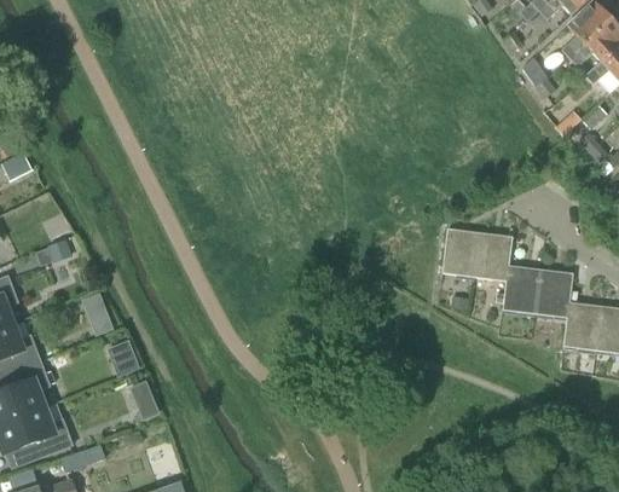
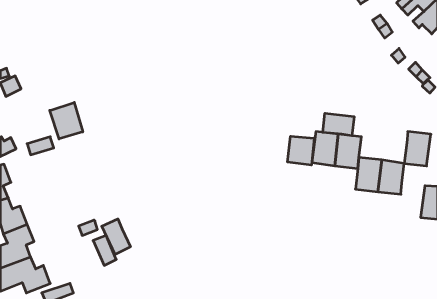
building: none -> [50,102,83,139]
building: none -> [323,113,354,136]
building: none -> [288,136,314,165]
building: [85,288,118,332] -> none
building: [562,302,600,351] -> [404,132,431,166]
building: none -> [102,219,130,255]

